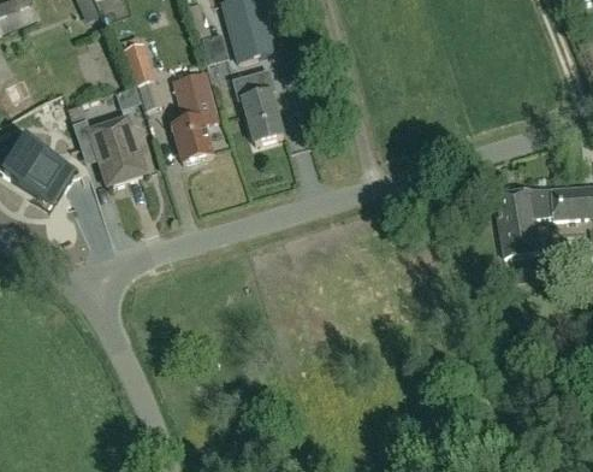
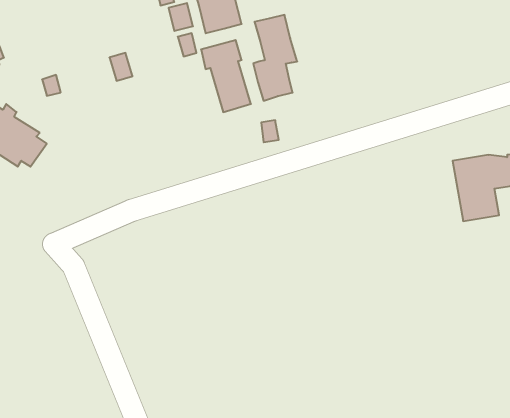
building: [124,43,154,85] -> none
building: [172,73,218,163] -> [253,15,297,101]
building: [95,118,150,182] -> none

